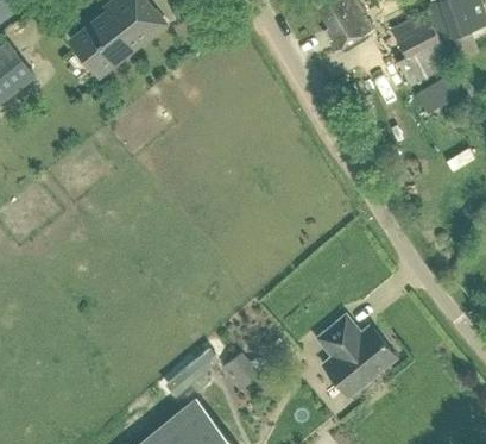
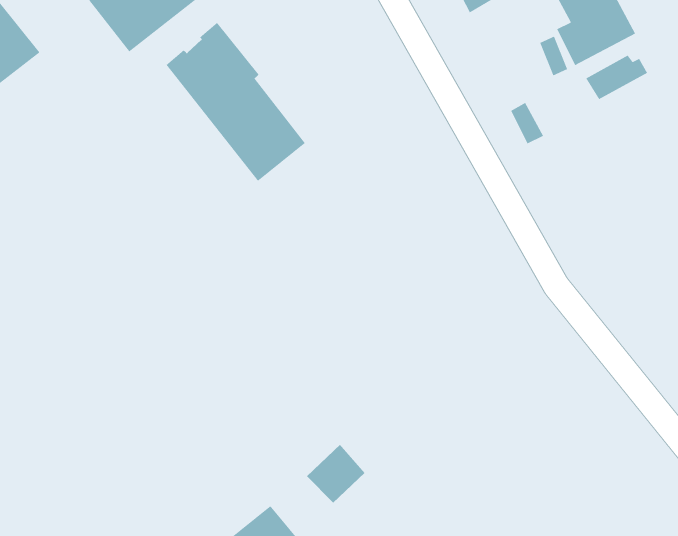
building: none -> [165,22,306,182]
building: [318,314,397,395] -> none

